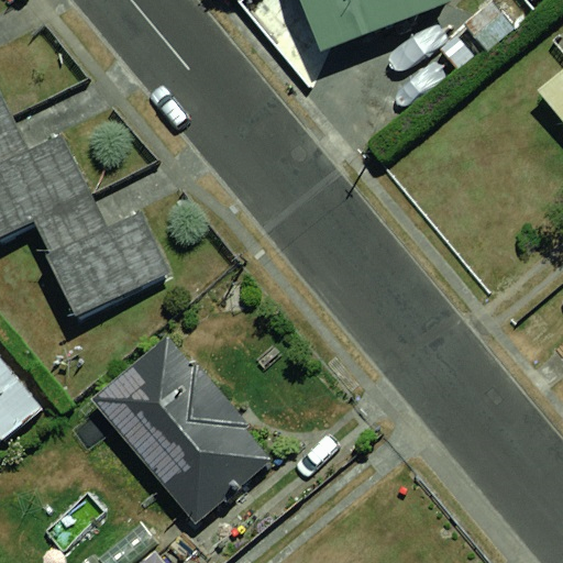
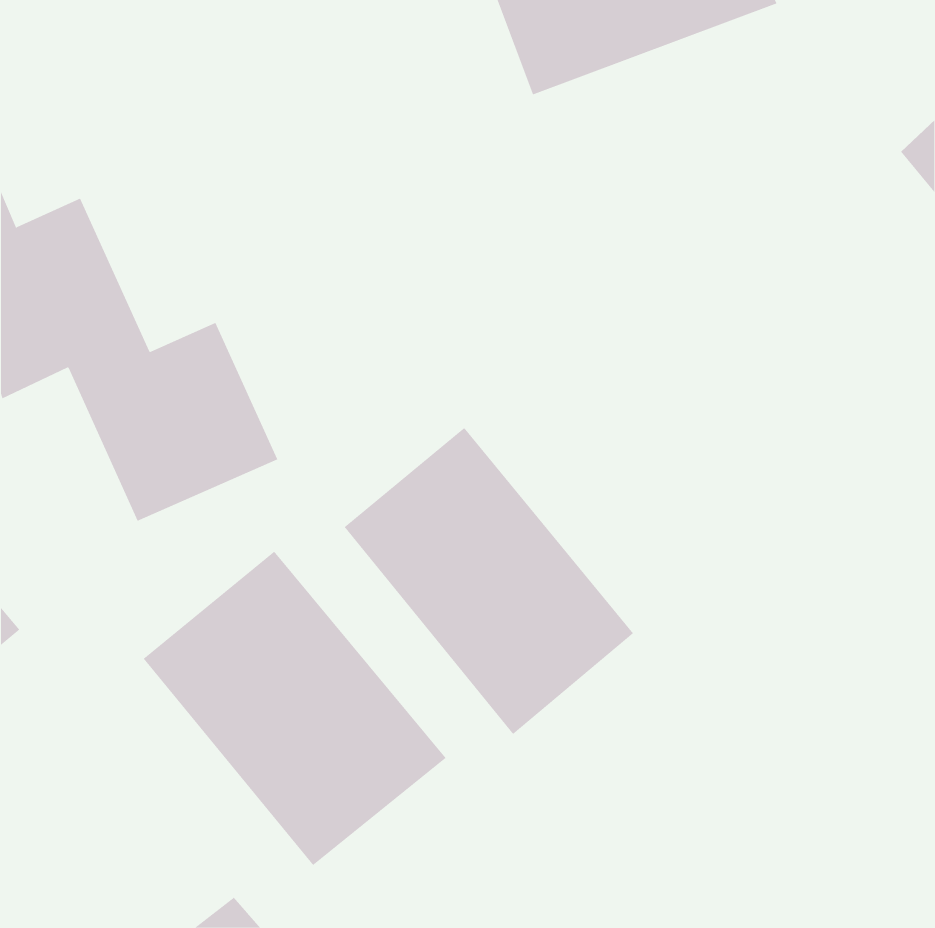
building: none -> [344,427,634,735]

